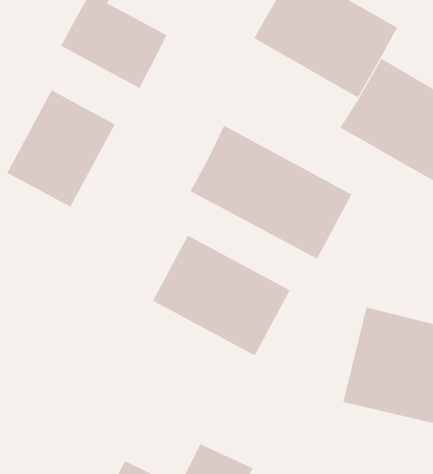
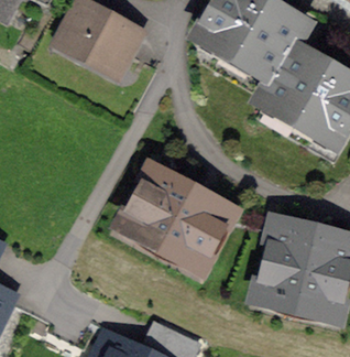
building: [7,90,115,208] -> none
building: [190,125,352,260] -> none

